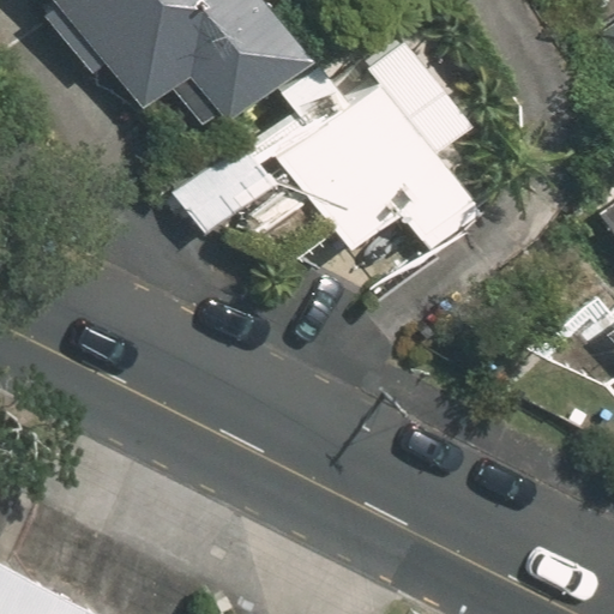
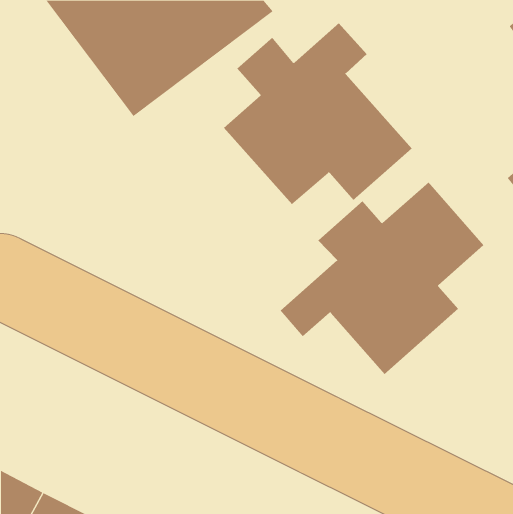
building: none -> [280,181,484,375]

